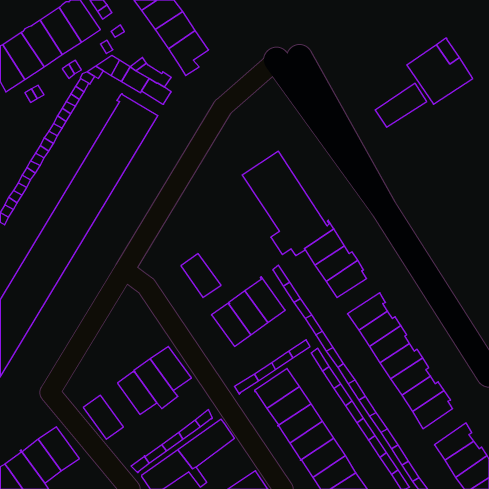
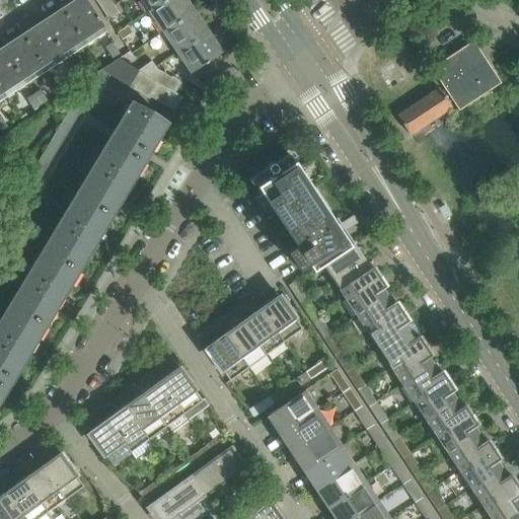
building: [181,254,221,298] -> [206,333,248,380]
building: none -> [357,295,402,332]
building: none -> [106,405,153,458]
building: none -> [448,433,494,471]

